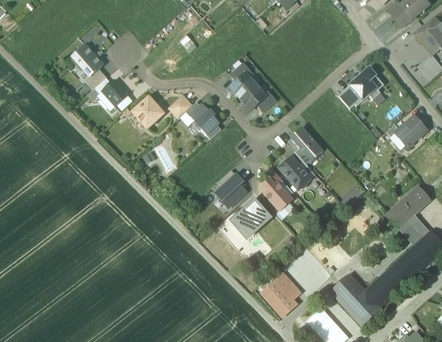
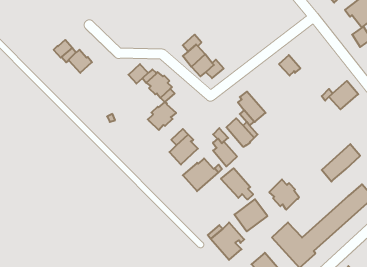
building: [72,44,103,75] -> none
building: [349,67,384,100] -> none
building: [132,96,163,127] -> none
building: none -> [148,102,176,130]
building: none -> [221,168,253,199]
building: [399,213,430,243] -> none
building: none -> [269,179,299,210]

